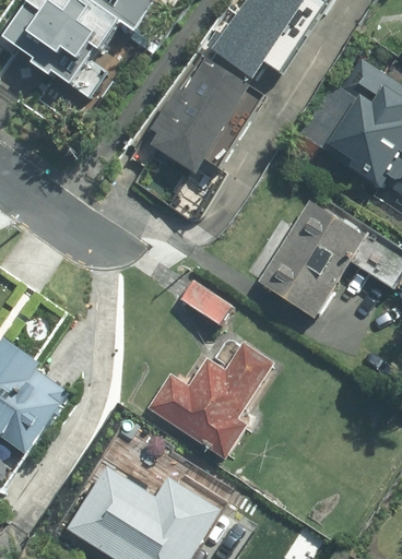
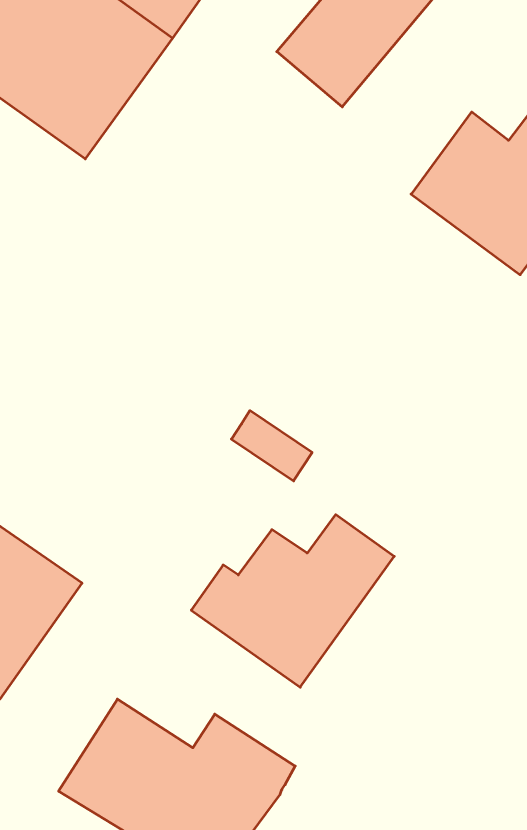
building: [143,58,247,175] -> none
building: [252,200,365,318] -> none

